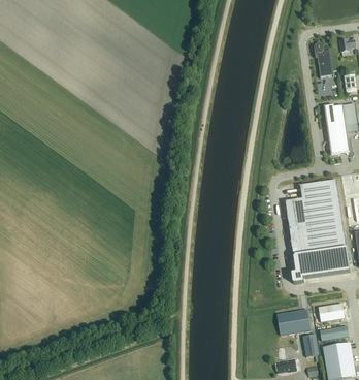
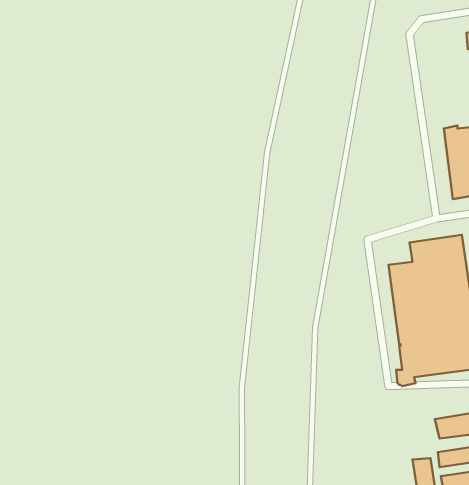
building: [313,42,333,76] -> none
building: [276,308,311,334] -> none

